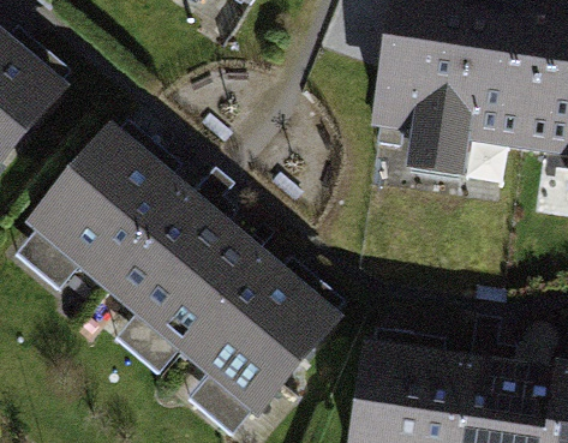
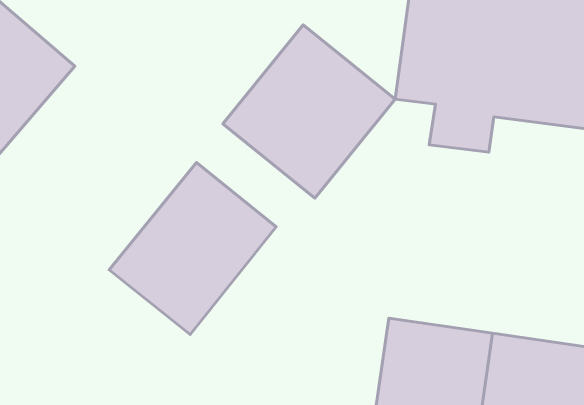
building: none -> [223,25,395,198]
building: [29,124,187,288] -> none
building: [181,247,340,411] -> none

